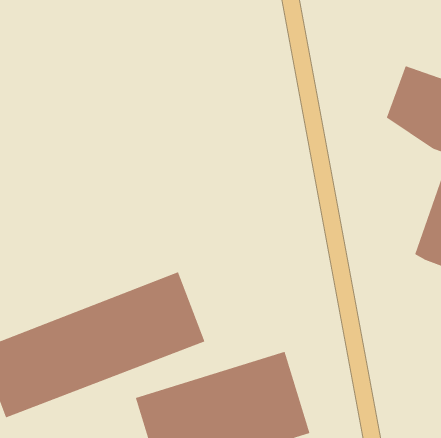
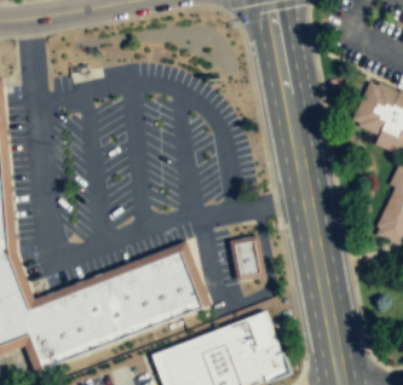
building: none -> [230,235,263,280]

